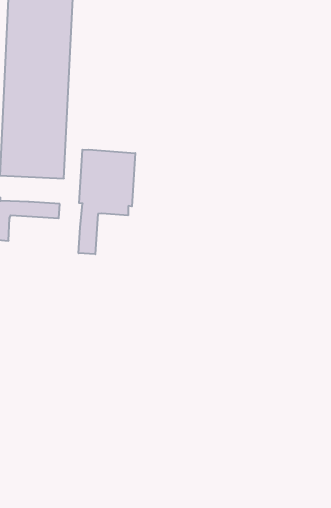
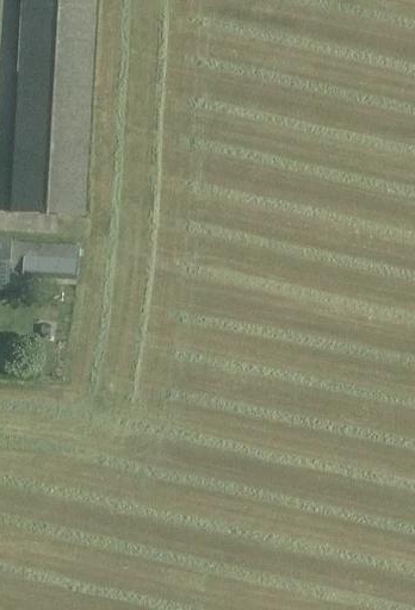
building: [79,150,135,254] -> none

